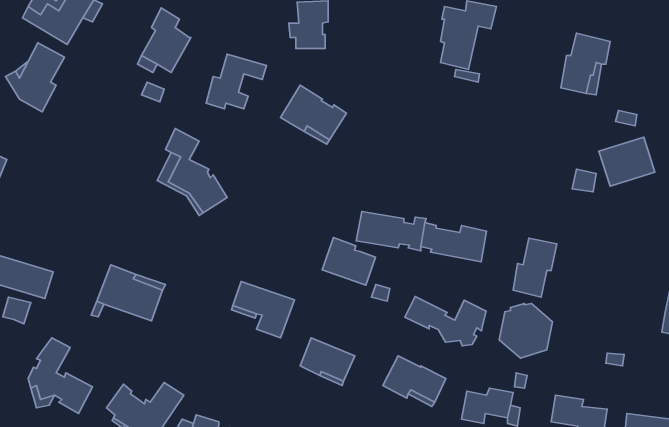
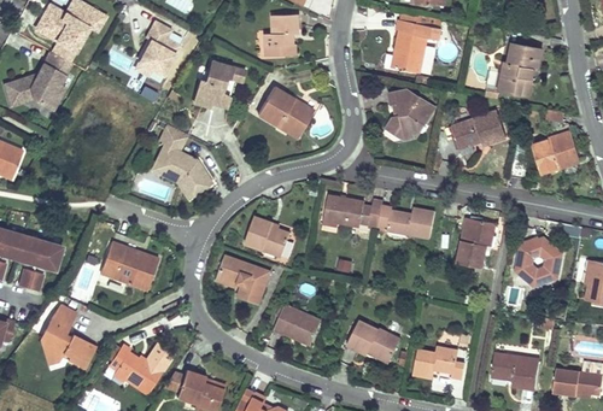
building: none -> [385,89,434,140]
building: none -> [451,110,505,148]
building: [322,237,376,285] -> [244,216,289,257]
building: [405,297,486,346] -> none
building: [499,303,553,358] -> [515,239,561,286]

